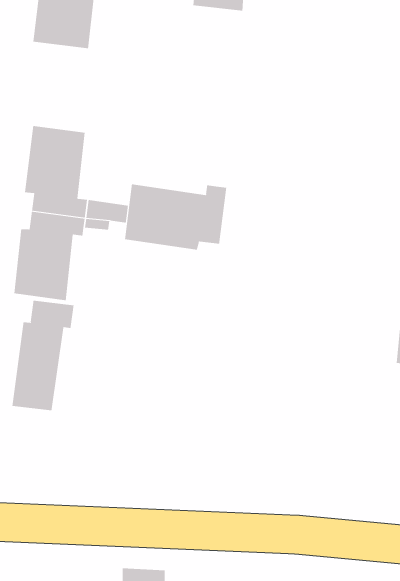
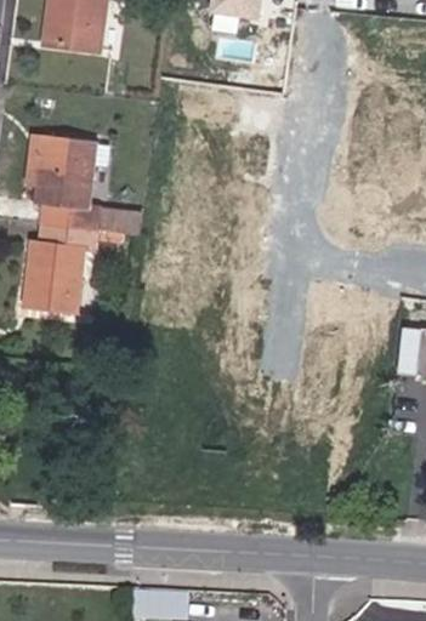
building: [125,184,227,251] -> none
building: [12,300,74,411] -> none

